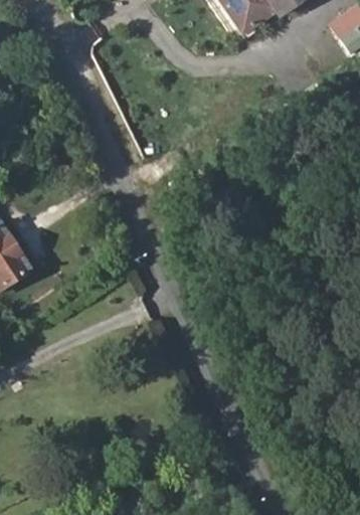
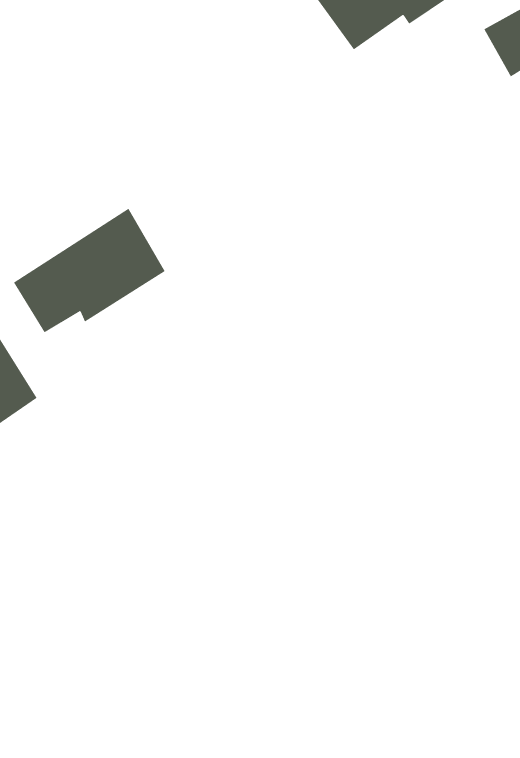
building: none -> [13,208,165,333]

